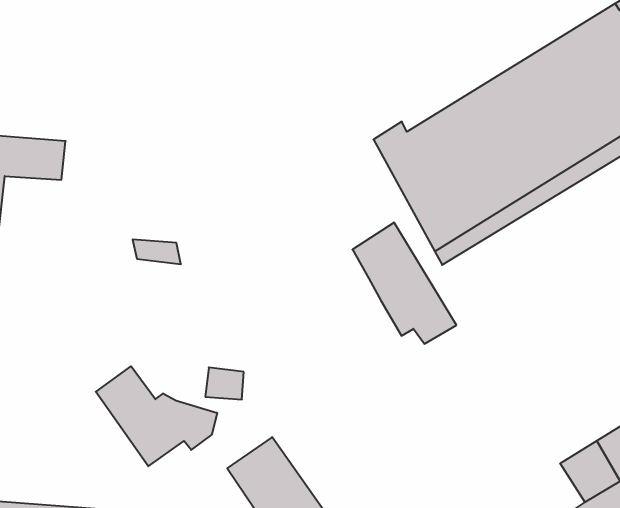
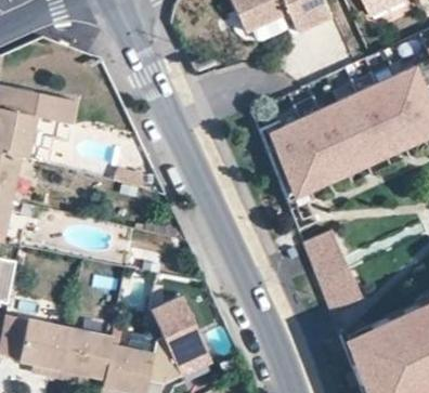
building: [352,223,456,344] -> [304,227,361,302]
building: [96,366,217,466] -> none

